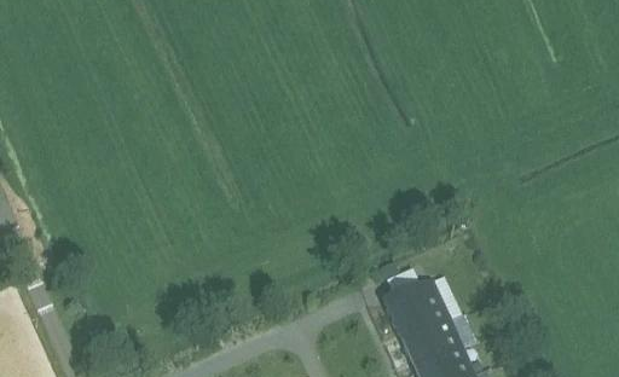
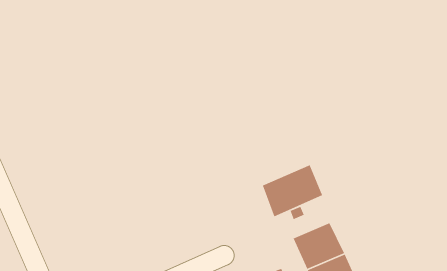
building: none -> [262,164,323,217]

